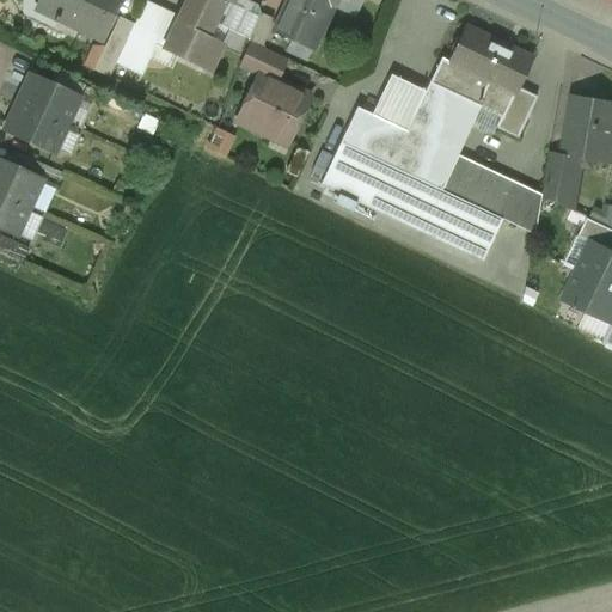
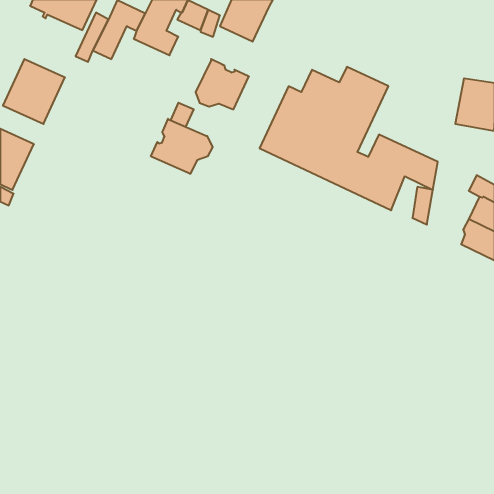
building: [429,25,538,137] -> none
building: [240,44,286,80] -> none
building: none -> [151,119,213,174]
building: [543,157,568,203] -> [412,187,433,225]

